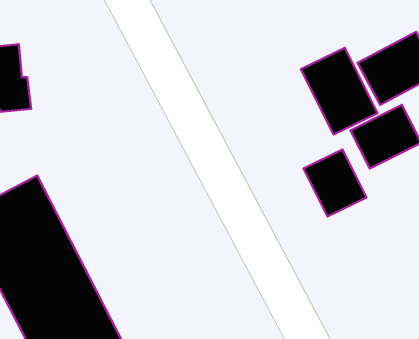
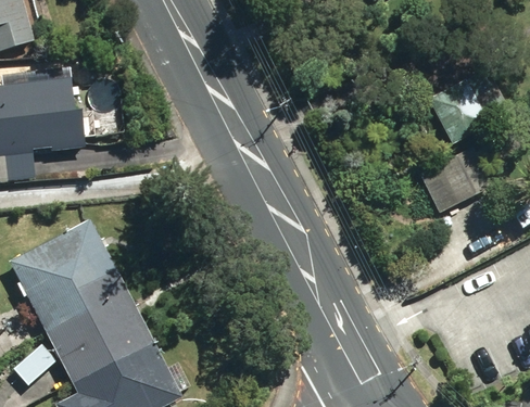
building: [301,48,378,135] -> none
building: [303,150,366,217] -> none

